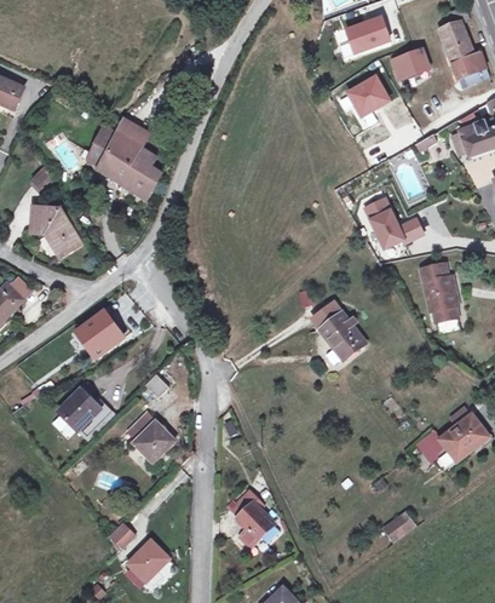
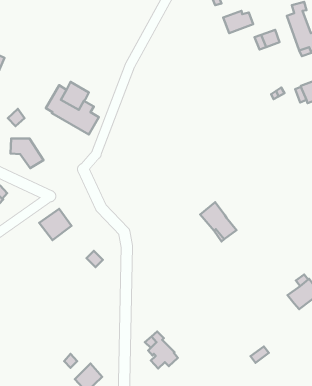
building: [347,76,388,116] -> none
building: [363,199,421,247] -> none
building: [421,264,456,320] -> none
building: [58,389,113,441] -> none
building: [128,413,173,461] -> none
building: [415,429,449,464] -> none

